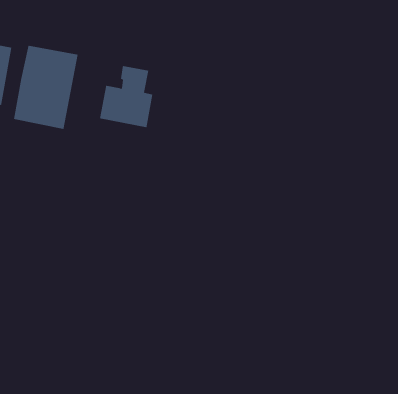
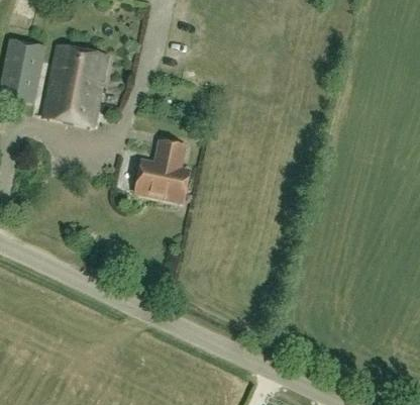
building: [99,65,153,128] -> [137,139,190,200]

